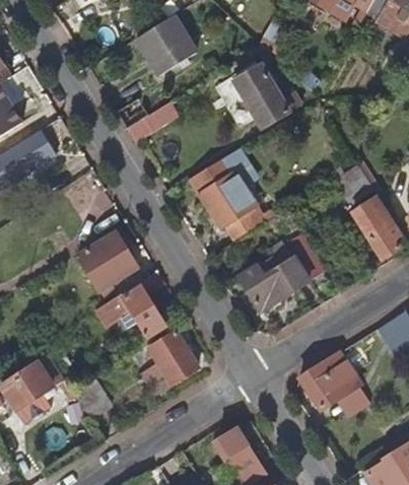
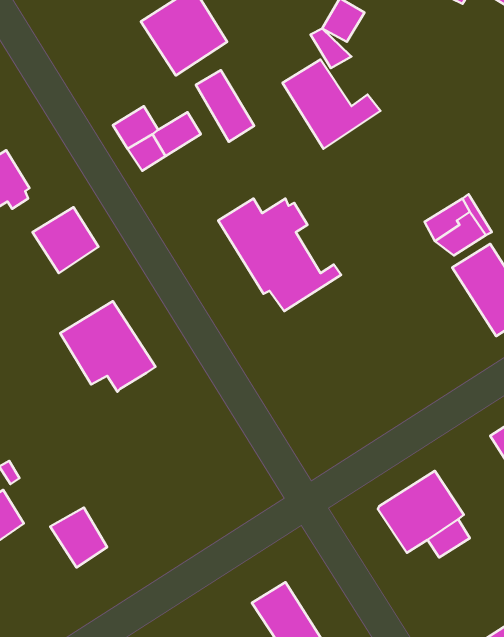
building: none -> [196,70,254,142]
building: [238,231,326,309] -> none
building: [96,271,165,338] -> none
building: [143,332,198,394] -> none

